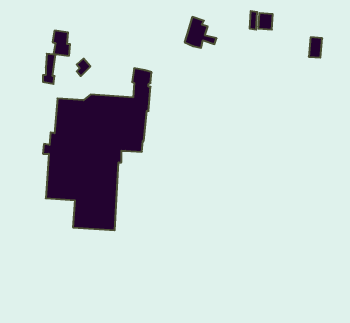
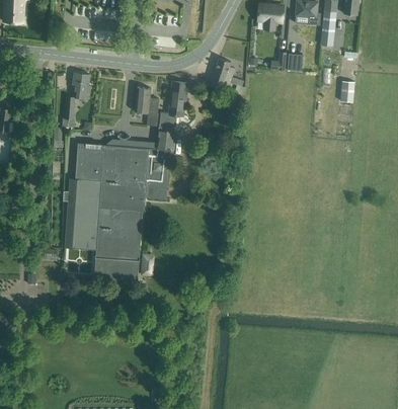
building: none -> [169,81,187,115]
building: none -> [135,87,159,126]

